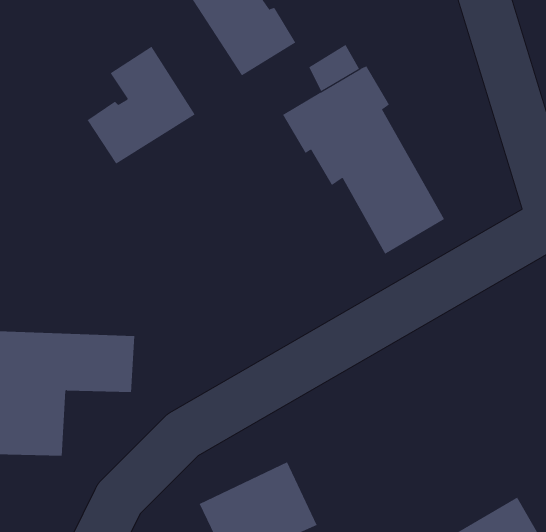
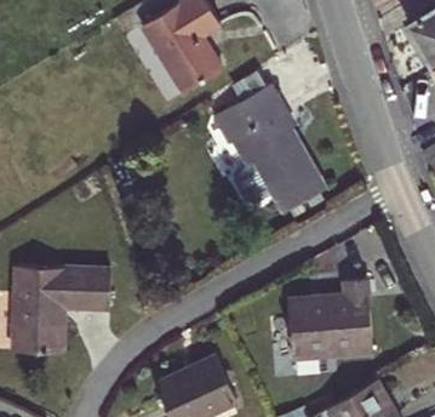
building: [87,46,195,164] -> none
building: none -> [288,278,373,358]

